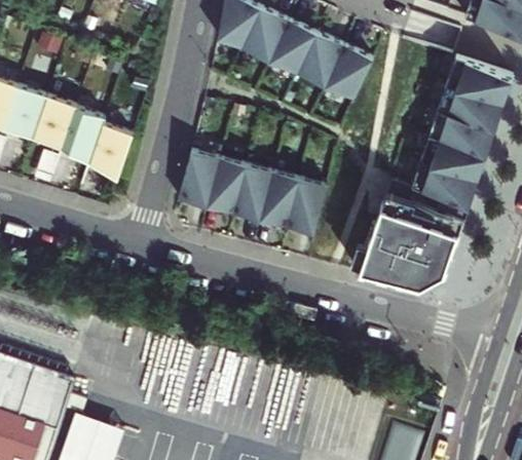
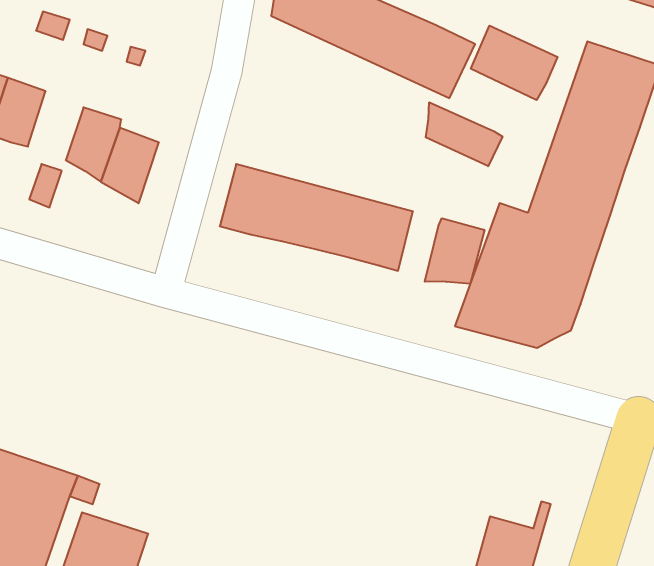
building: none -> [471,26,558,100]
building: [32,95,75,148] -> none
building: none -> [426,102,502,166]
building: none -> [425,218,484,284]

